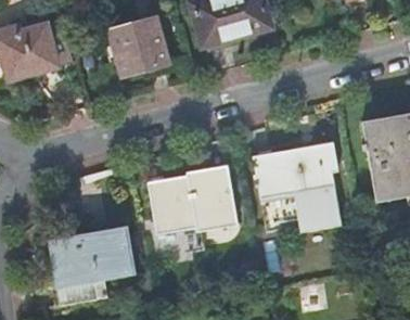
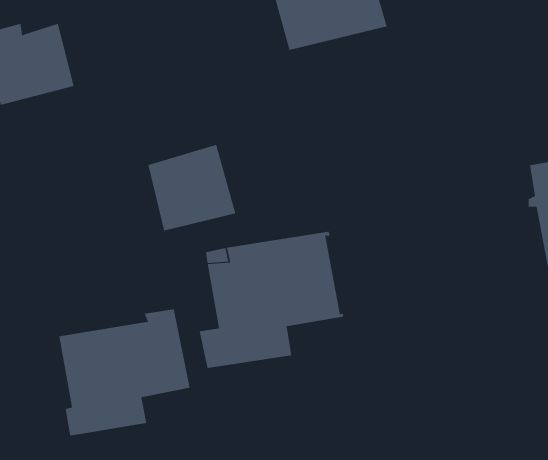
building: [110,17,169,76] -> [148,144,236,231]
building: [252,145,339,232] -> none

